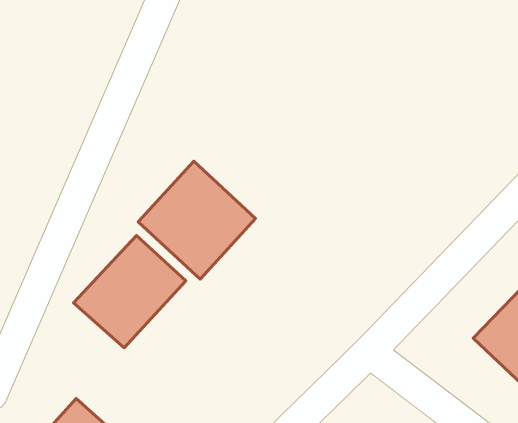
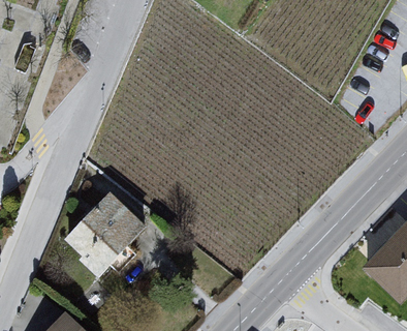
building: [138,161,256,279] -> none

